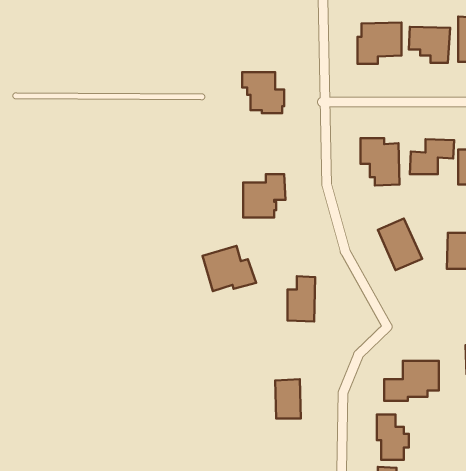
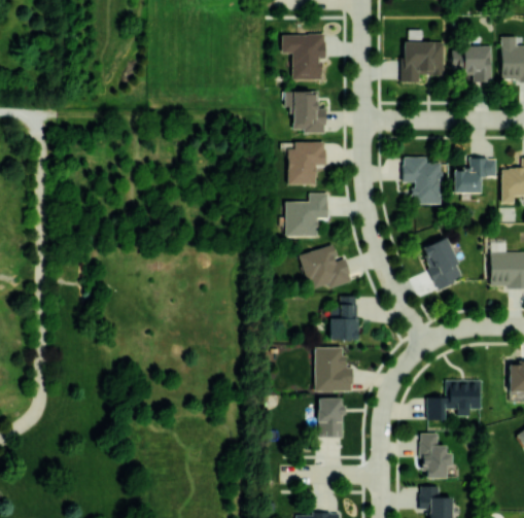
building: none -> [282,34,325,80]
building: none -> [288,142,326,184]
building: [203,246,256,291] -> [300,245,353,290]
building: none -> [315,348,353,392]

